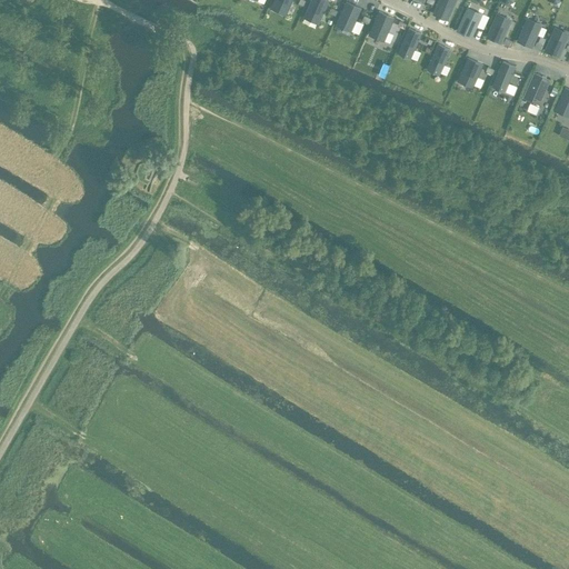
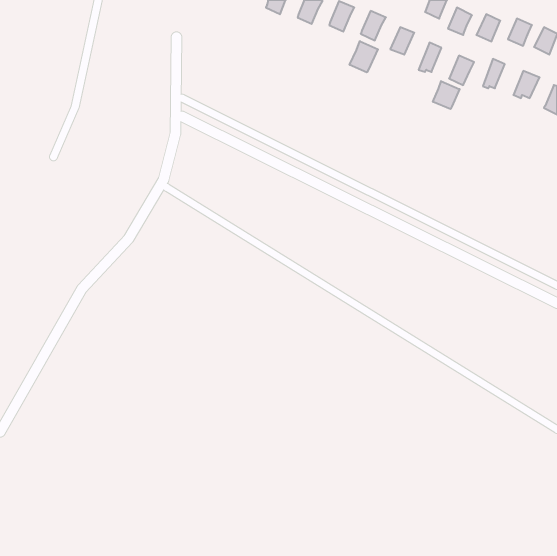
building: none -> [350,41,378,72]
building: none -> [433,81,460,109]

